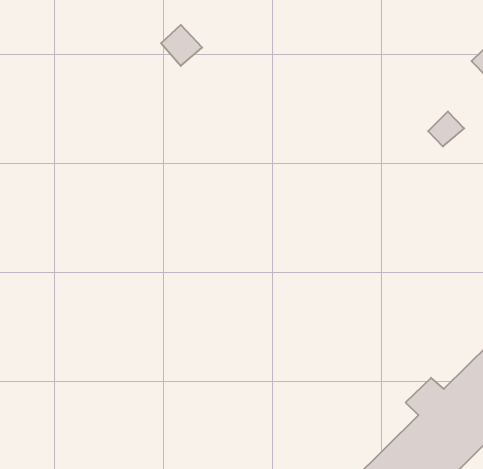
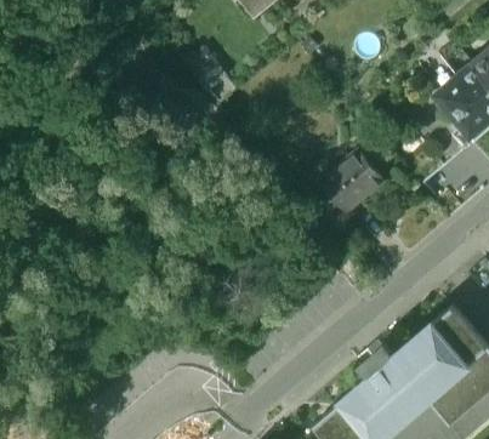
building: none -> [323,158,385,220]

